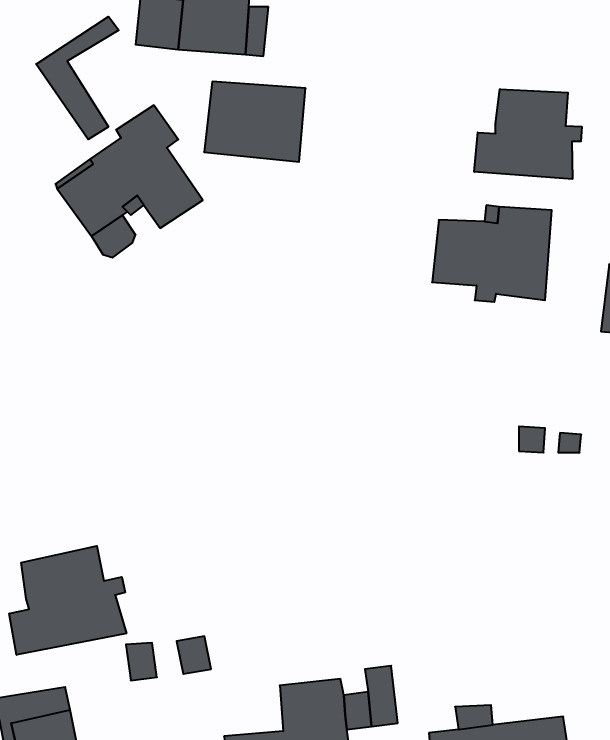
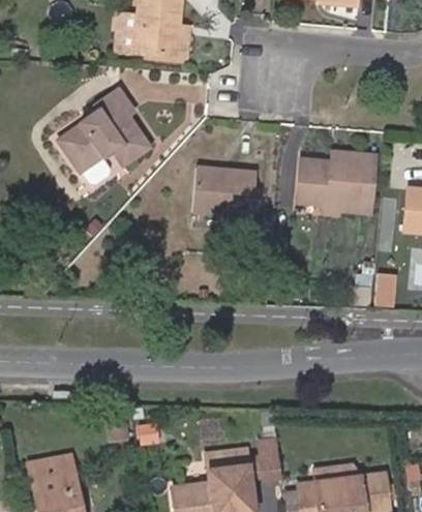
building: [36,17,119,139] -> none
building: [204,82,306,162] -> [197,167,261,217]
building: [474,89,582,179] -> none
building: [9,546,126,655] -> none

